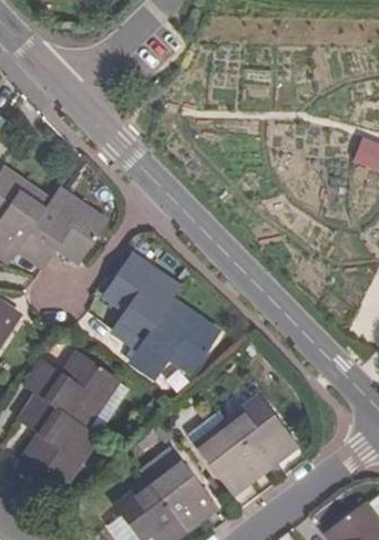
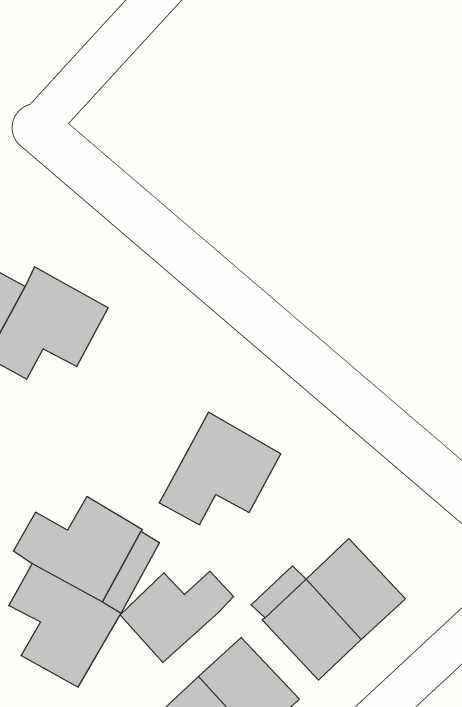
building: [103,253,177,346] -> none
building: none -> [120,571,234,663]

